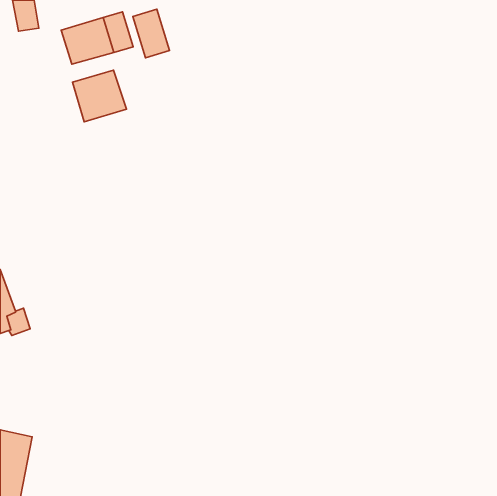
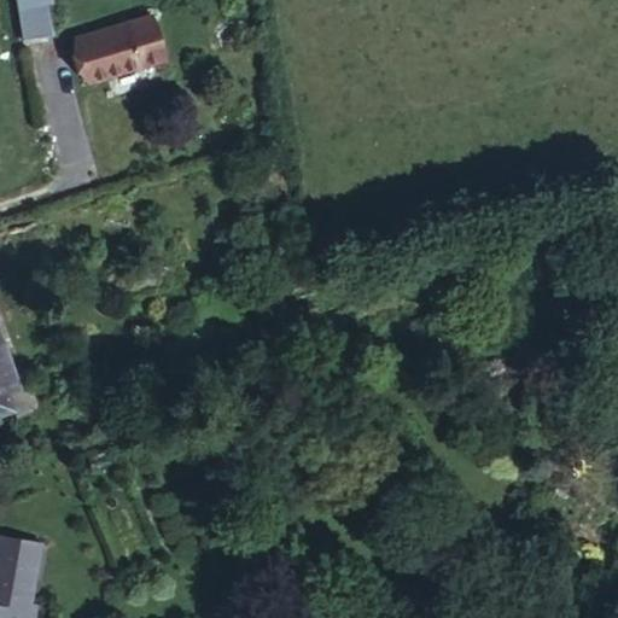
building: [133,9,169,58] -> none
building: [72,70,127,122] -> none

